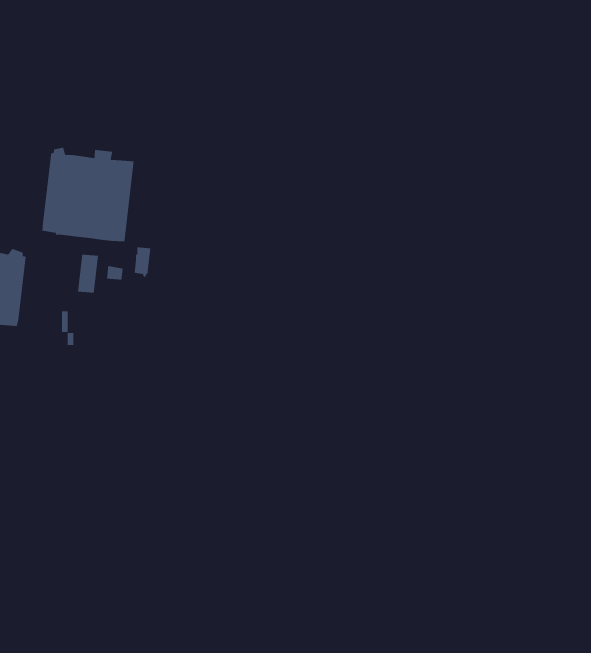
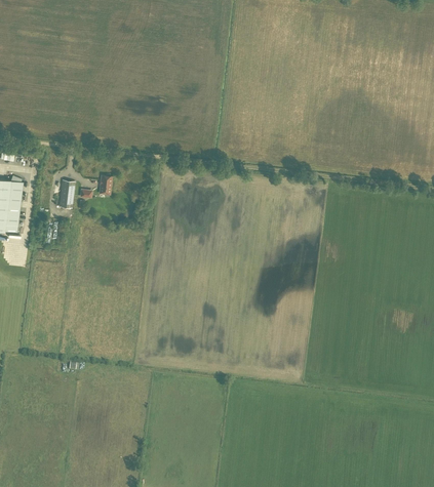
building: [42,147,134,242] -> none

